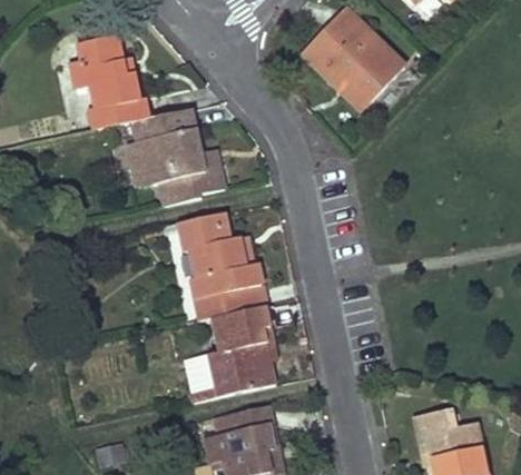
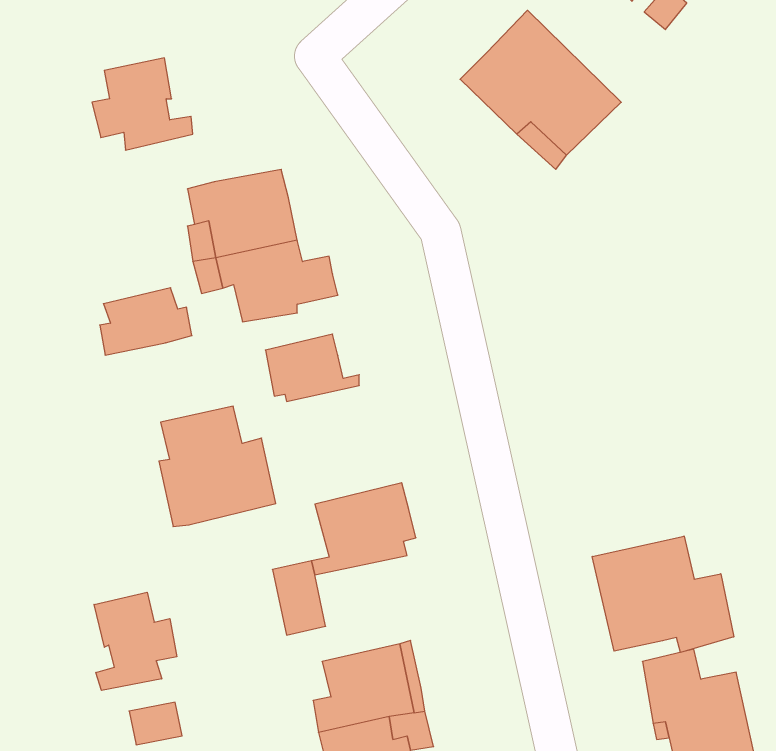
building: [90,85,148,127] -> [100,288,192,355]
building: [193,243,266,318] -> [159,406,276,527]
building: none -> [592,536,734,652]
building: [212,349,277,394] -> none
building: none -> [94,592,177,690]

